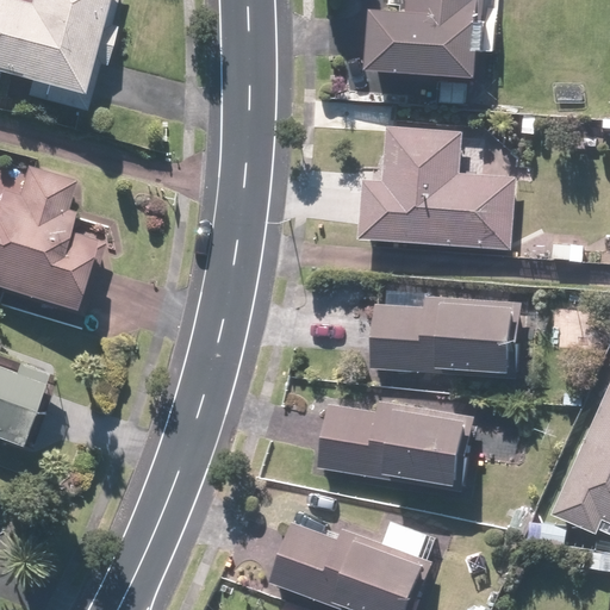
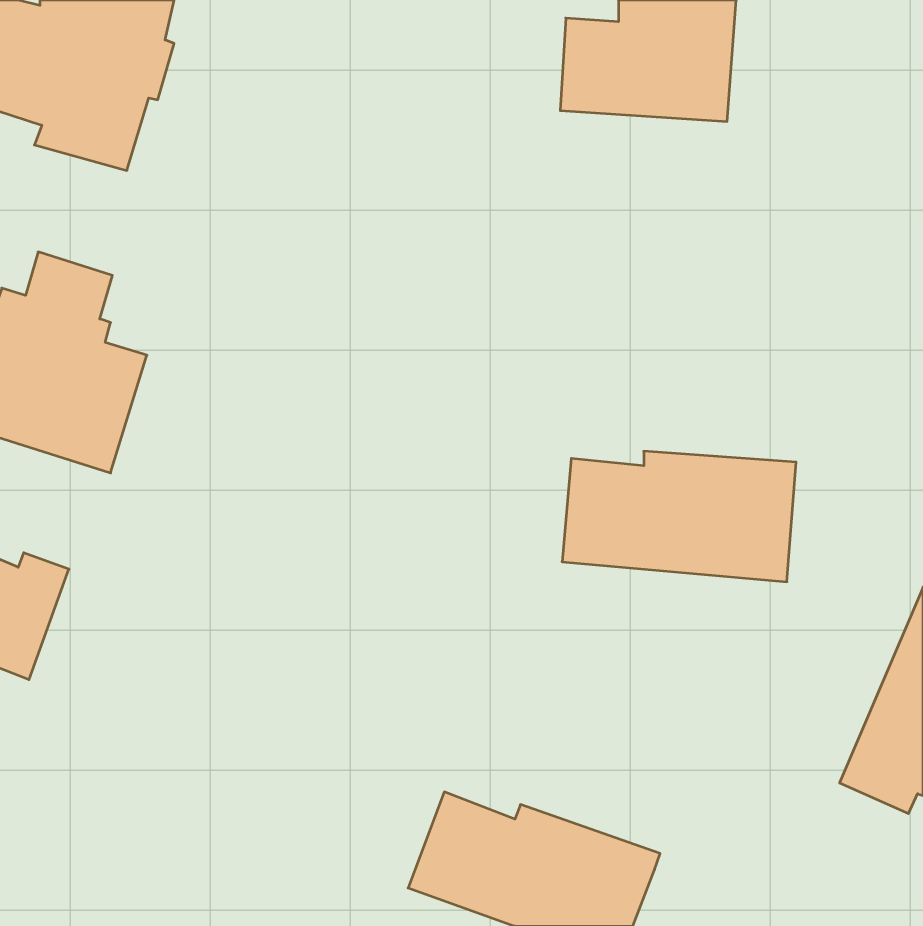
building: [360,126,517,250] -> none
building: [317,402,474,486] -> none

